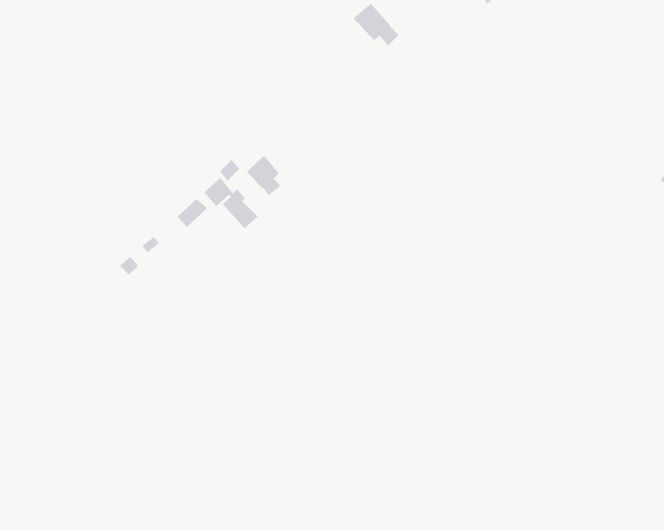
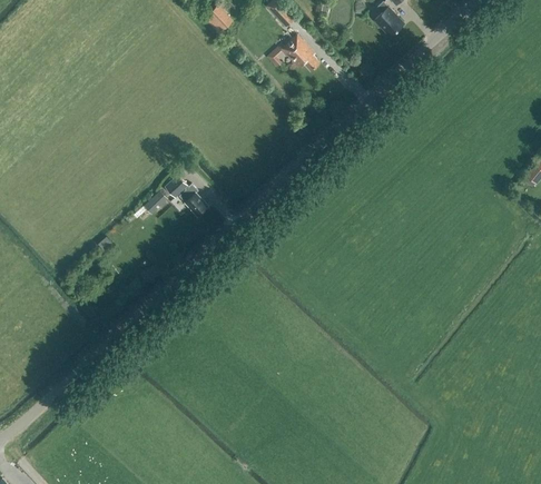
building: [246,155,281,196] -> none

